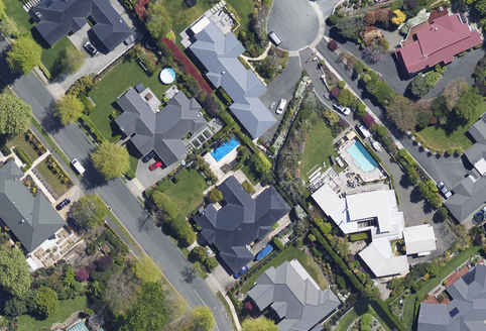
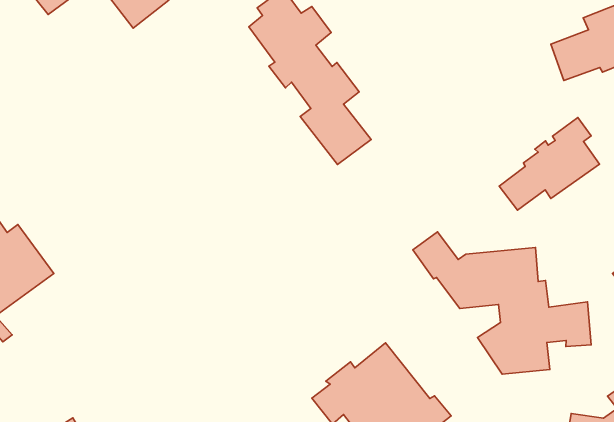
building: [112,86,206,164] -> none
building: none -> [499,117,600,210]
building: [191,174,290,271] -> none

